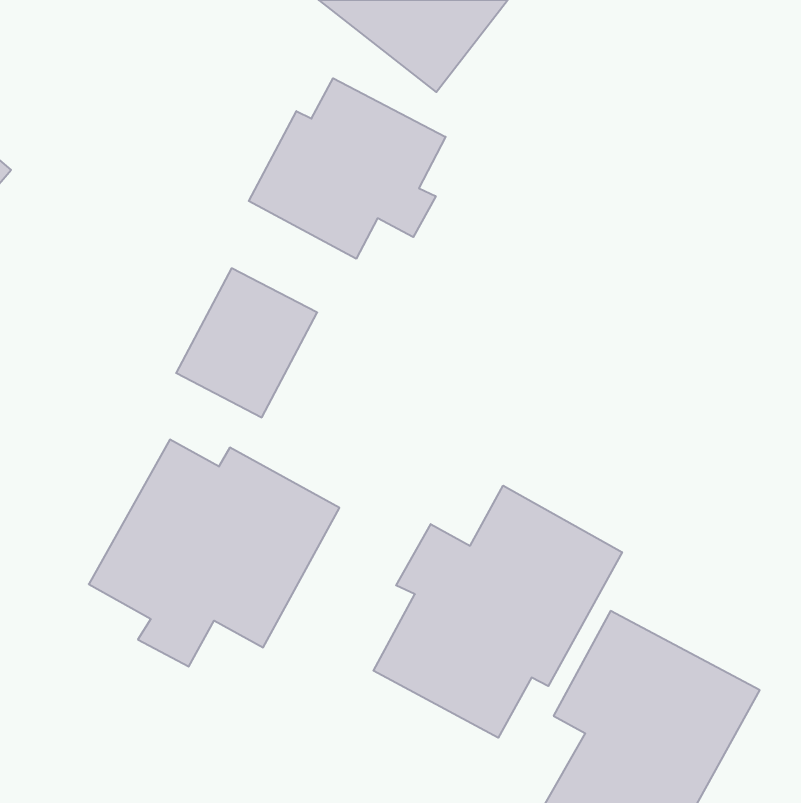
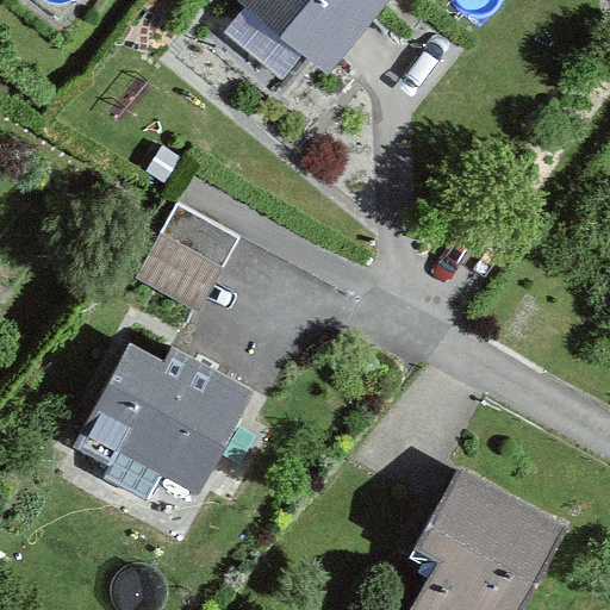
building: [249,78,446,259] -> none
building: [373,486,622,738] -> none

